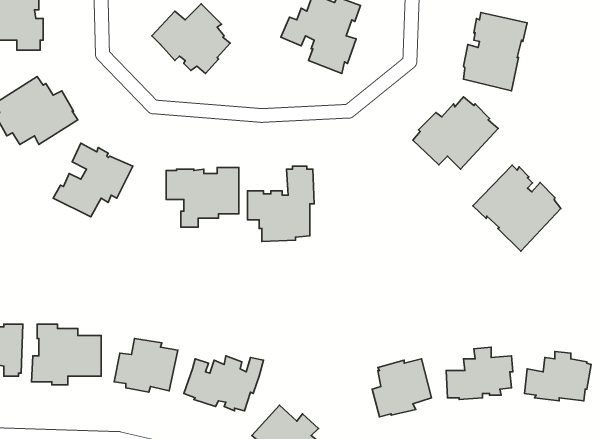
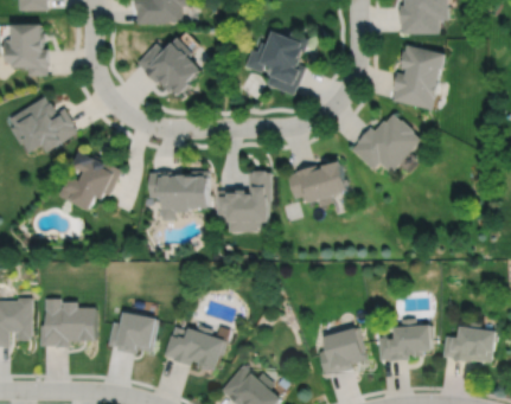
building: none -> [286,160,346,206]
building: [473,165,561,251] -> none

